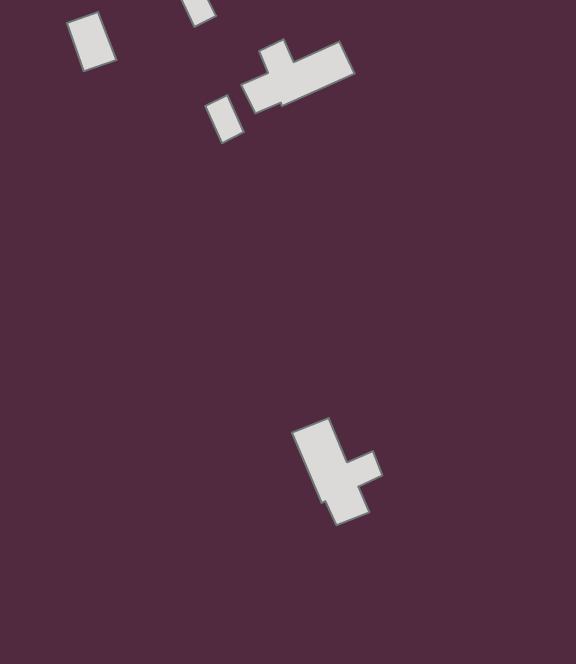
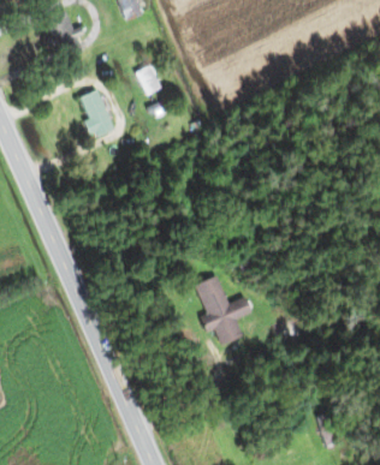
building: [241,39,355,113] -> none
building: none -> [79,90,114,138]

